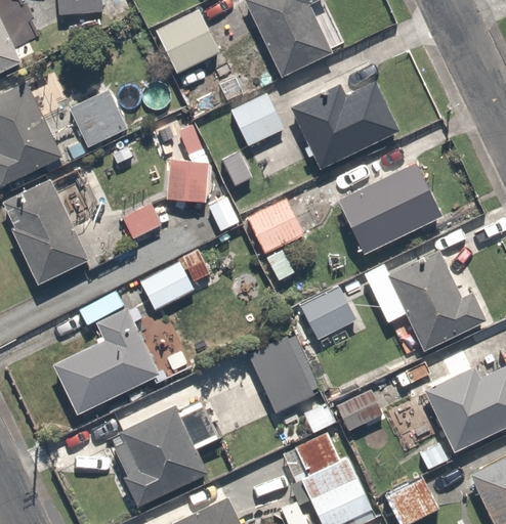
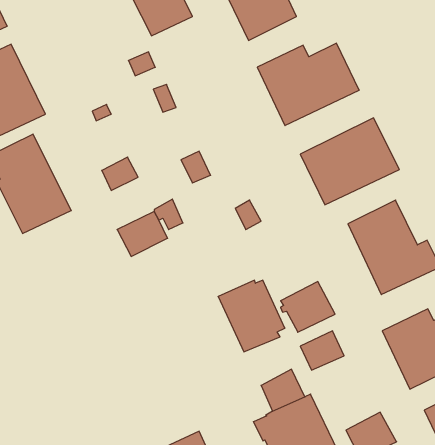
building: [70,90,129,147] -> none
building: [230,93,284,146] -> none
building: [165,159,209,202] -> none
building: [246,198,305,254] -> none
building: [299,285,357,339] -> [281,282,335,332]
building: [51,307,174,414] -> none
building: [112,399,218,506] -> none

